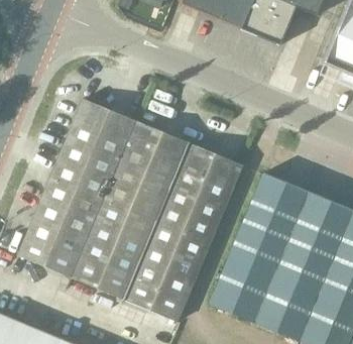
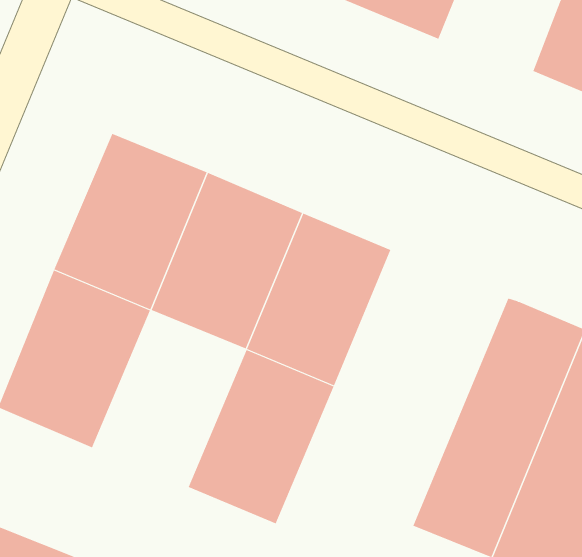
building: [211,174,310,323] -> none
building: [73,200,160,301] -> none

